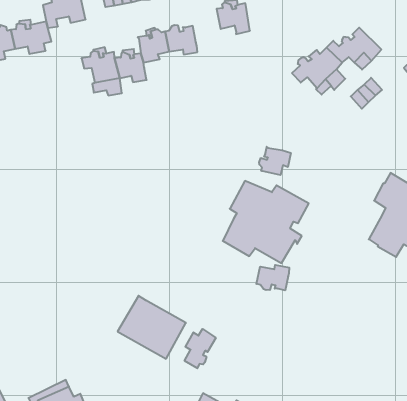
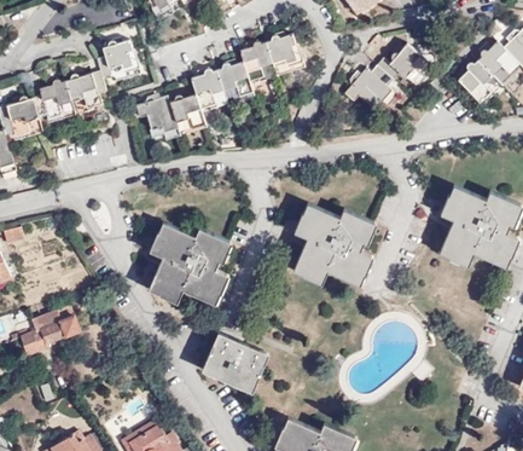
building: none -> [240,39,272,75]
building: [259,147,291,175] -> none
building: none -> [151,226,228,303]
building: [256,265,289,290] -> none
building: [185,329,216,368] -> none

